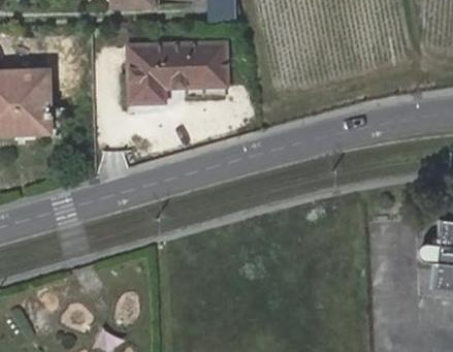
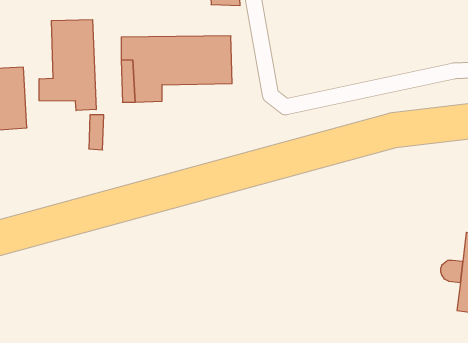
building: none -> [39,20,96,111]

